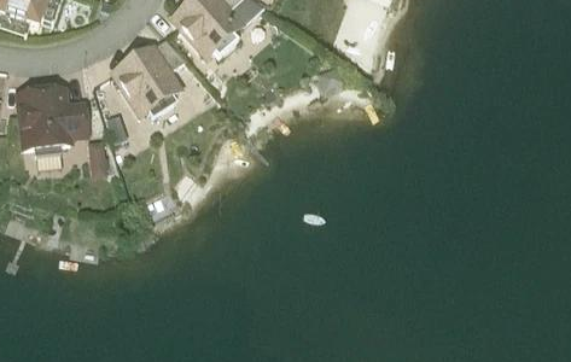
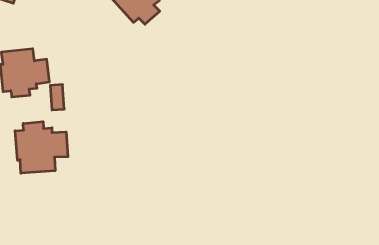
building: [113,43,179,113] -> none
building: none -> [15,122,68,173]

